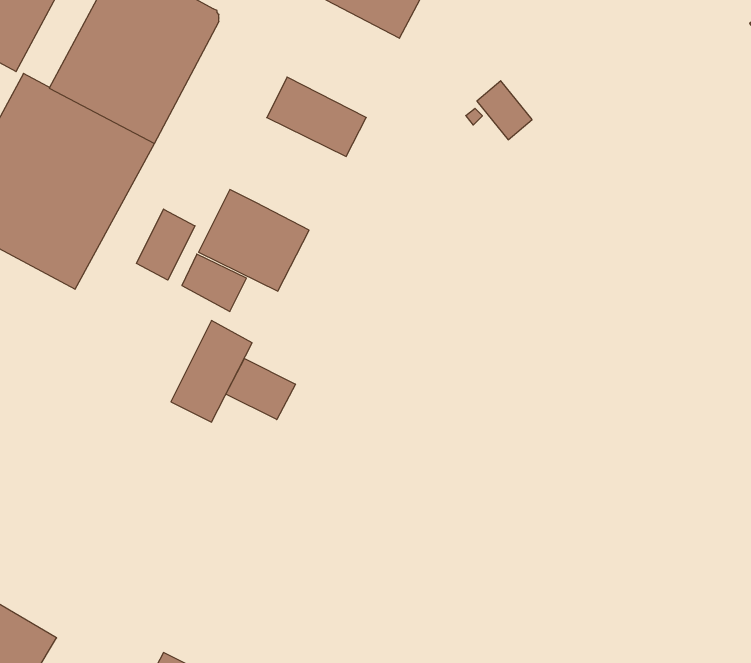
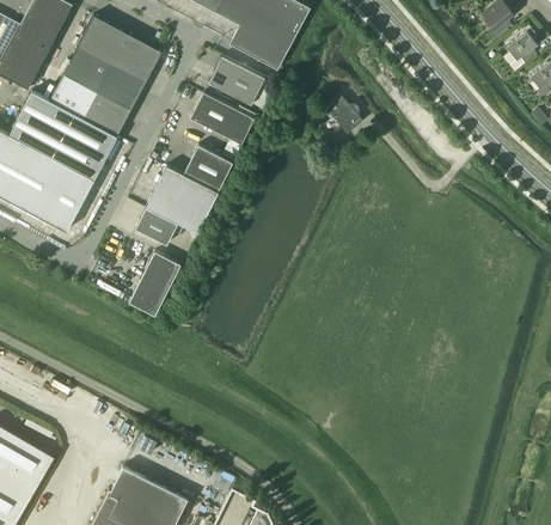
building: none -> [208,56,264,104]
building: none -> [183,146,232,193]
building: [136,209,195,280] -> none
building: [226,358,295,420] -> none

